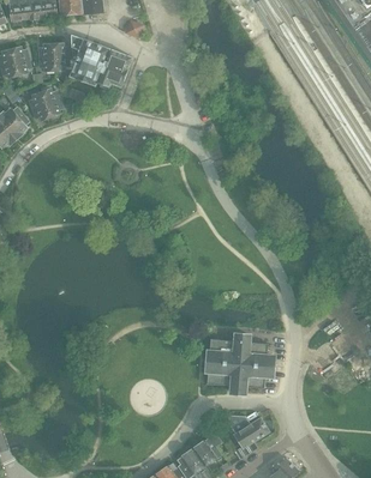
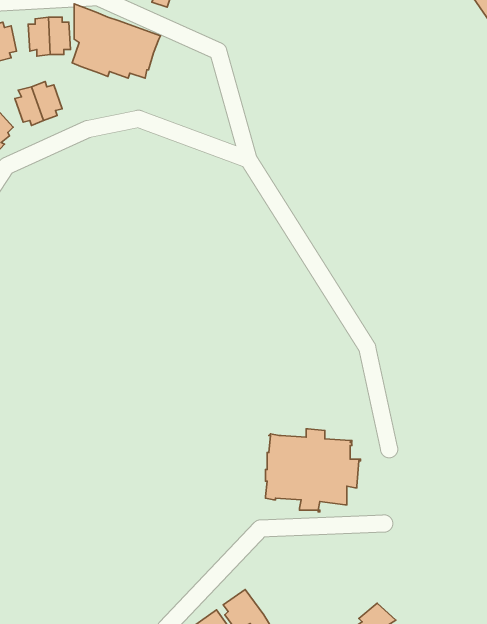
building: [228,415,269,459] -> none
building: [192,428,221,466] -> none

